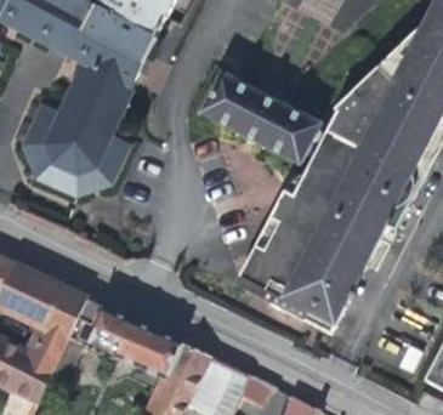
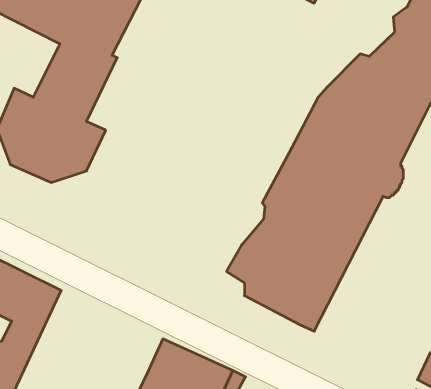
building: [200,73,314,158] -> none
building: [52,297,182,376] -> none

